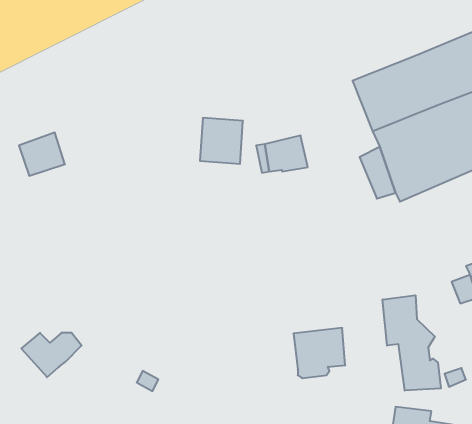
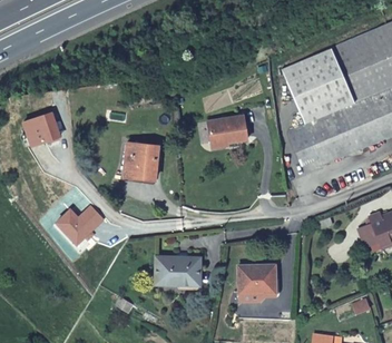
building: [200,118,243,164] -> [126,141,159,177]
building: [383,295,441,391] -> none
building: none -> [153,259,197,288]
building: [21,333,82,377] -> [55,212,101,246]

